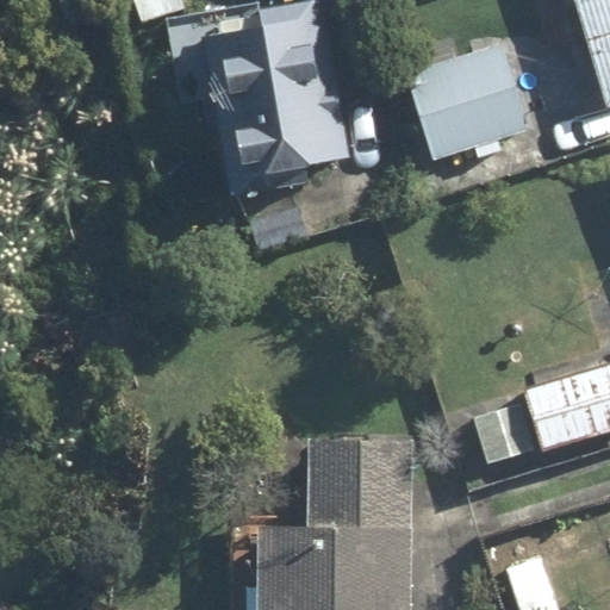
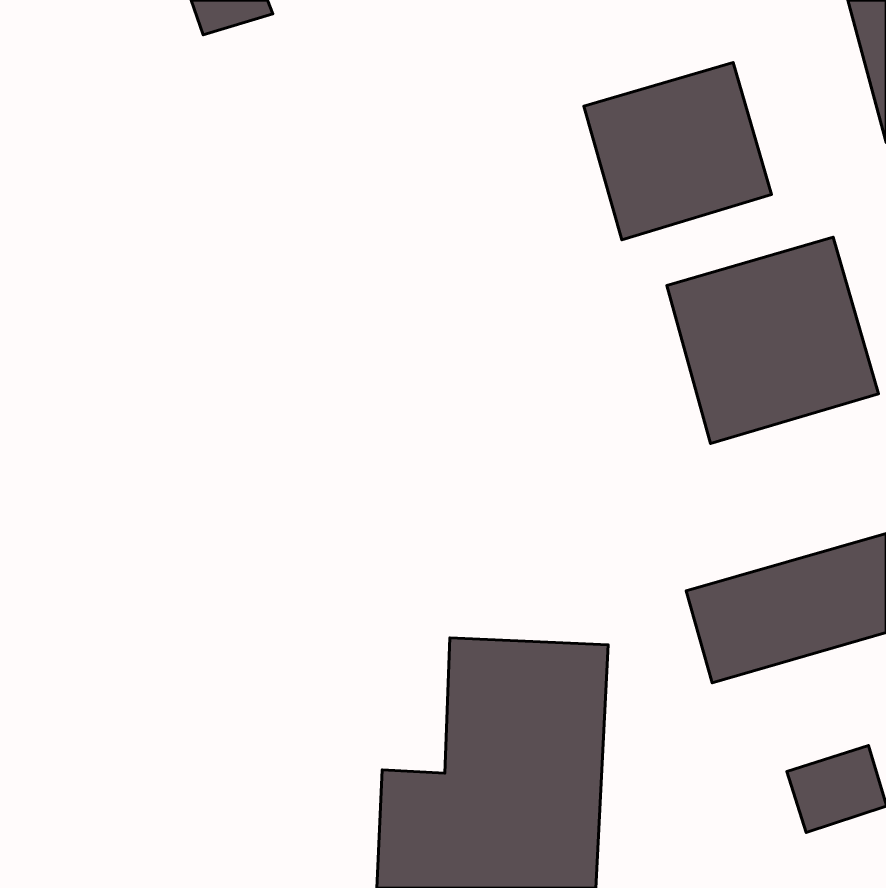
building: [204,8,348,174] -> none
building: none -> [667,237,879,443]

